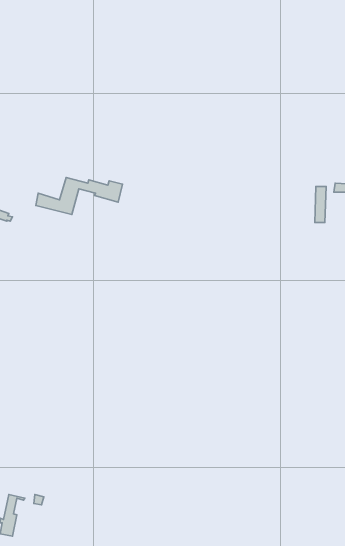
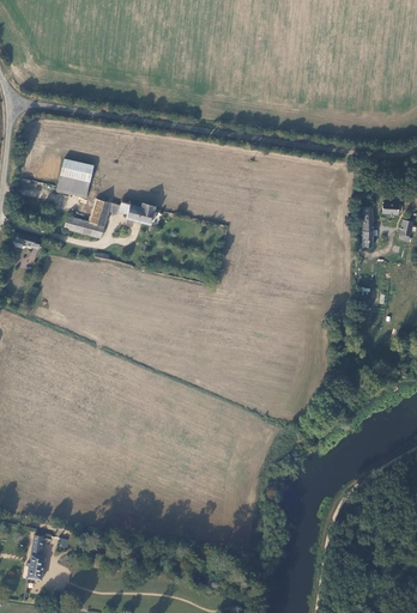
building: none -> [56,157,92,194]

